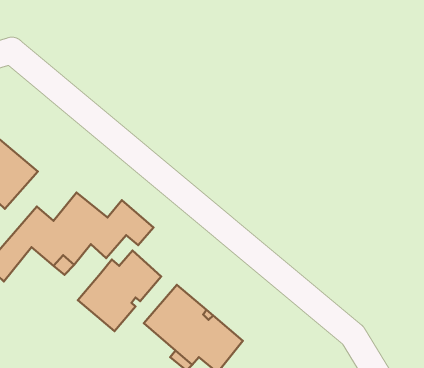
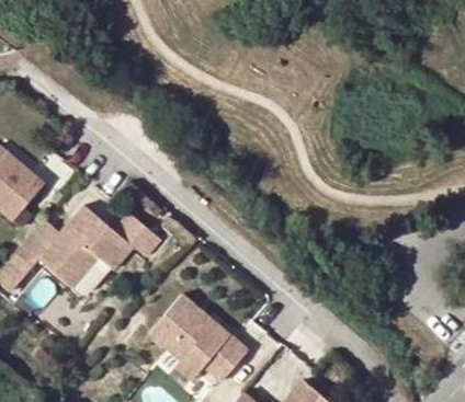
building: [78,251,161,331] -> none

